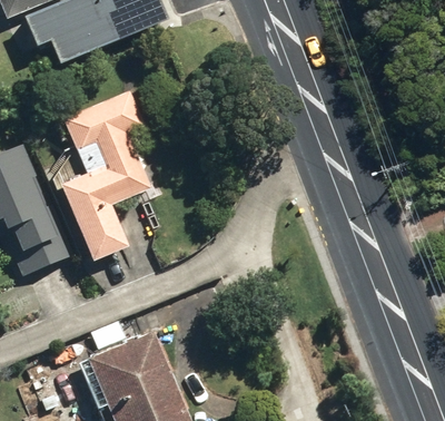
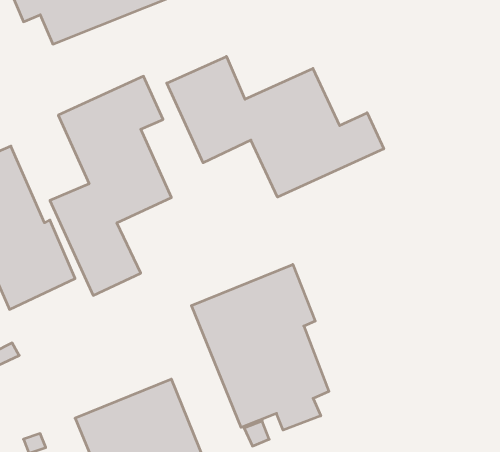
building: none -> [167,56,384,197]
building: none -> [191,264,329,430]

